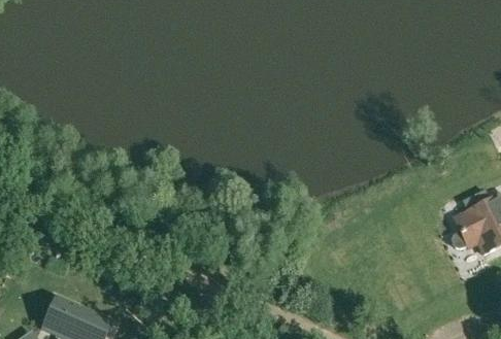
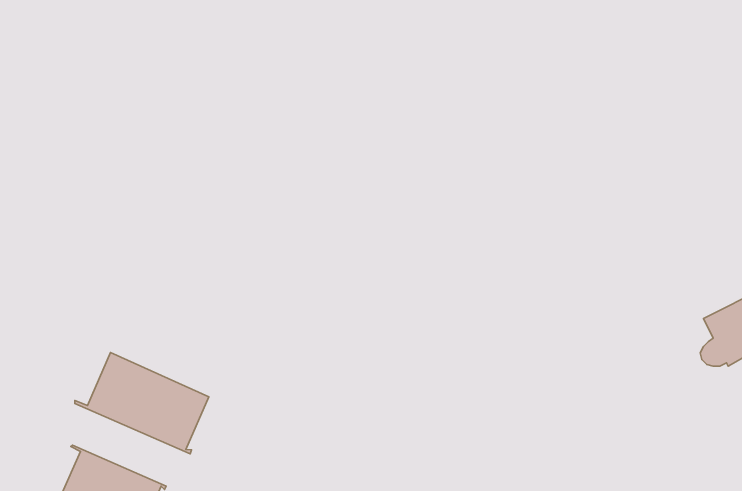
building: none -> [75,353,209,454]

